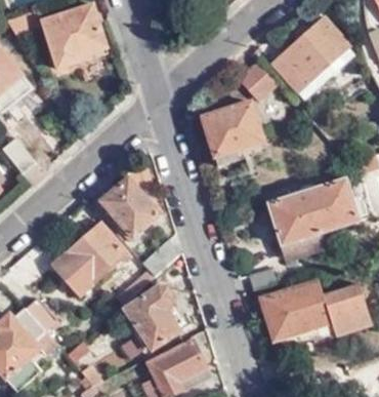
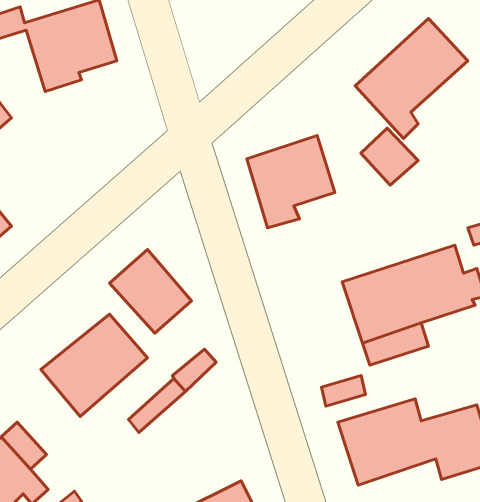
building: [235,61,275,101] -> [361,128,418,185]
building: [126,285,180,349] -> none

